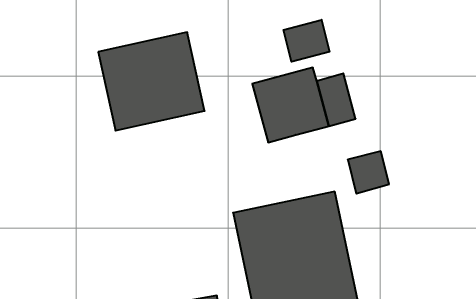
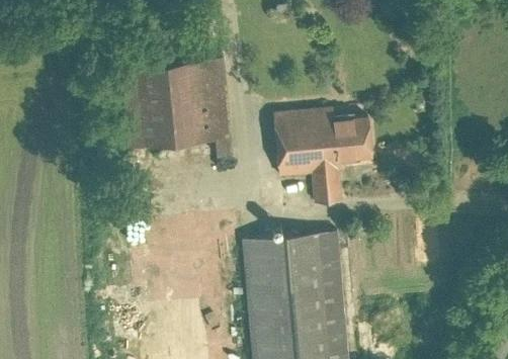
building: [283,20,330,62] -> none
building: [348,151,389,194] -> [311,168,347,205]

